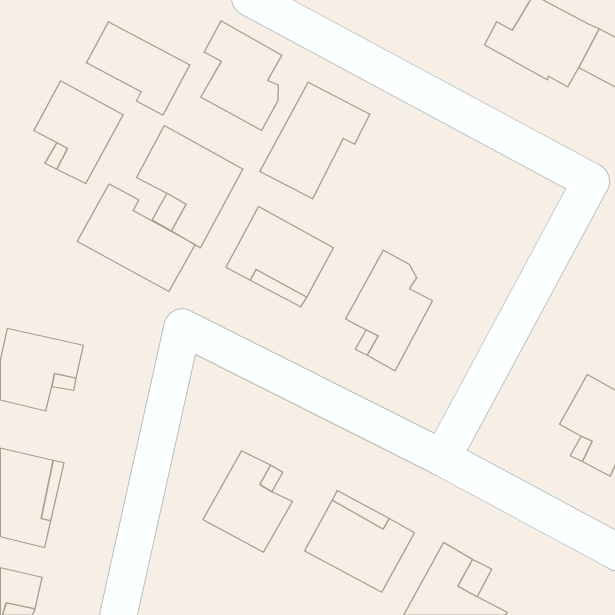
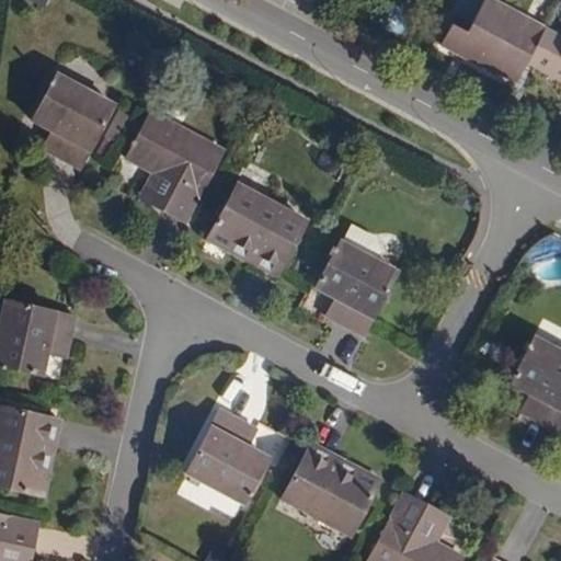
building: [201,21,282,131] -> none
building: [86,22,190,115] -> none
building: [260,82,370,199] -> none
building: [77,184,195,292] -> none

